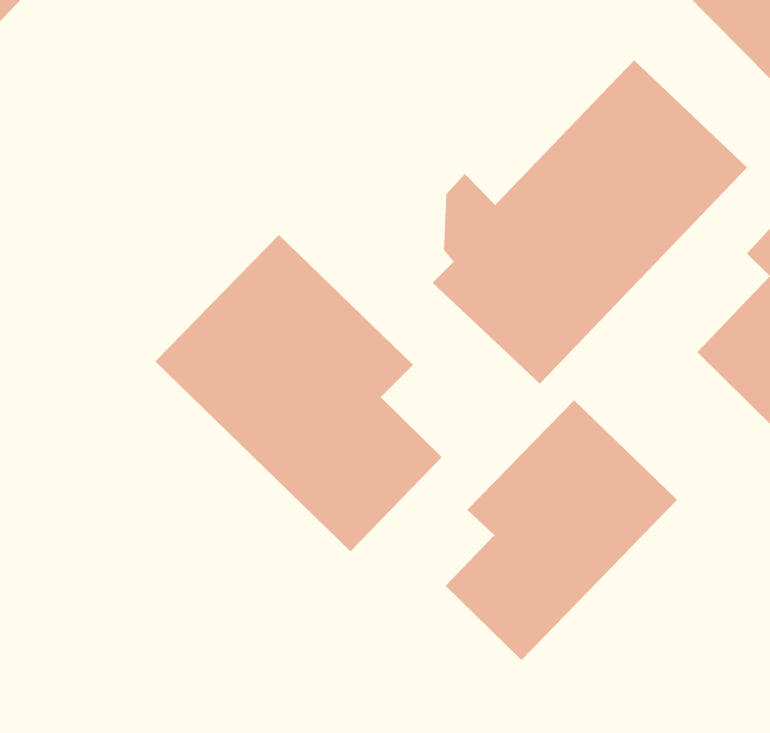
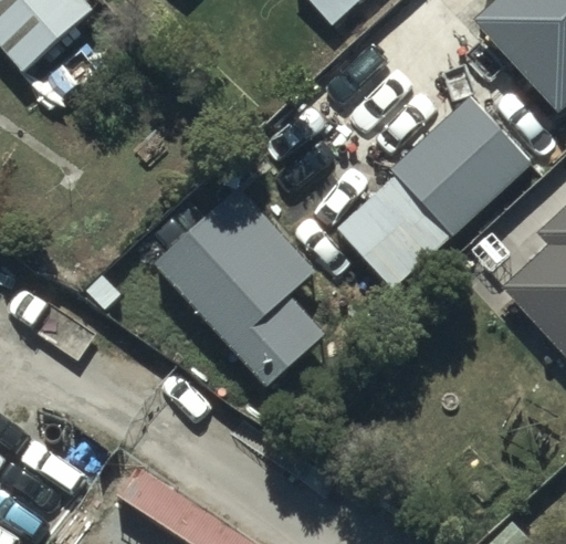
building: [445,399,678,661] -> none

